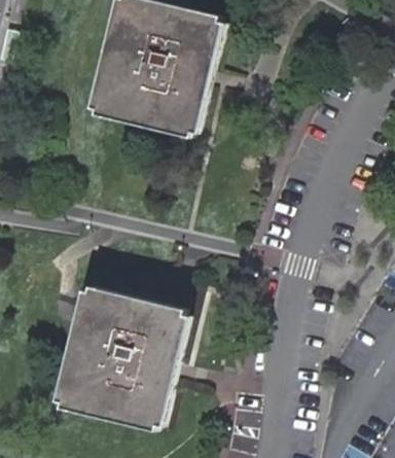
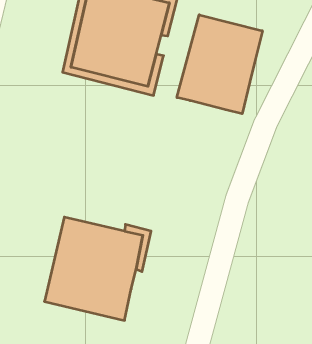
building: none -> [177,15,262,114]
building: [53,281,178,429] -> none

